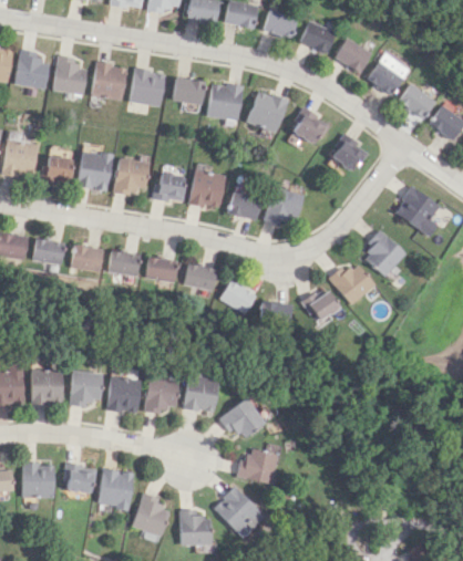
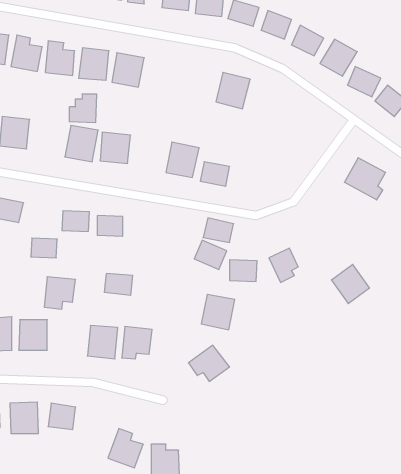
building: [173,76,206,105] -> none
building: [207,82,244,122] -> none
building: [289,108,327,145] -> none
building: [331,137,367,173] -> none
building: [43,150,74,183] -> [69,94,97,123]
building: [157,173,188,201] -> none
building: [267,187,306,225] -> none
building: [364,230,407,277] -> none
building: [37,240,66,262] -> [31,238,57,258]
building: [150,258,182,282] -> [104,274,133,295]
building: [333,260,377,304] -> [331,264,370,304]
building: [187,263,222,291] -> [203,218,234,242]
building: [64,371,100,407] -> [44,277,76,309]
building: [181,374,218,414] -> [201,294,235,330]
building: [233,443,277,485] -> none
building: [92,468,128,509] -> none
building: [208,486,260,538] -> none

